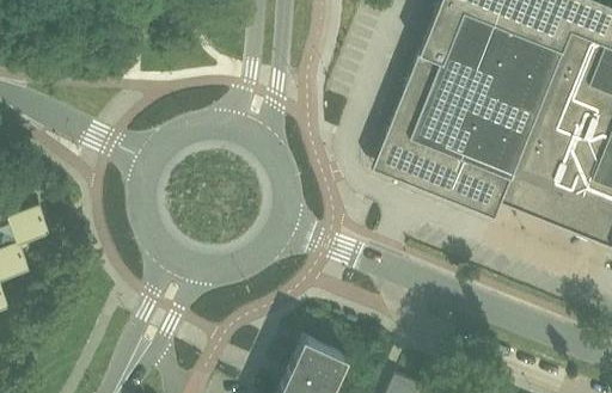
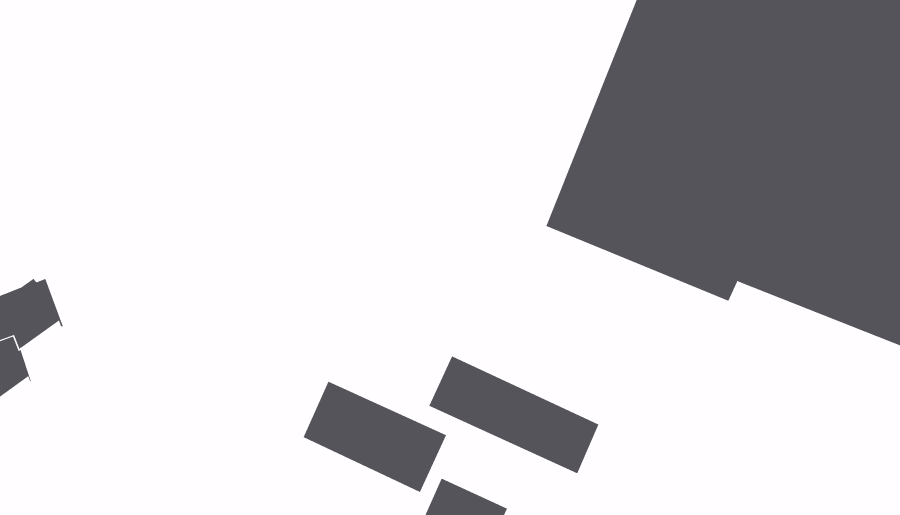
building: none -> [429,355,599,474]
building: none -> [303,381,447,493]

